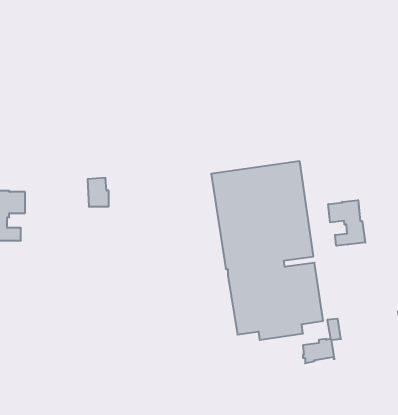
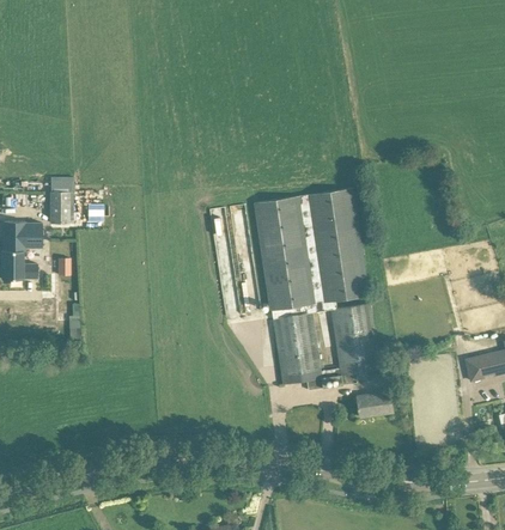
building: [88,178,109,207] -> [48,190,72,223]
building: [328,200,365,246] -> none

